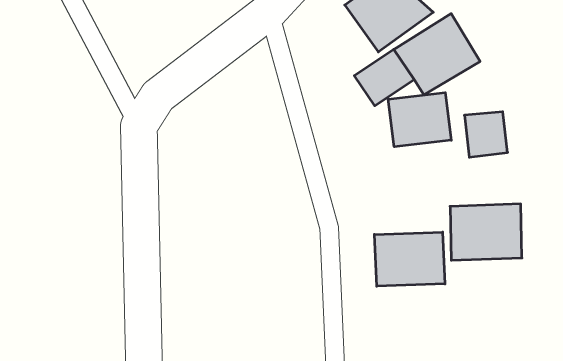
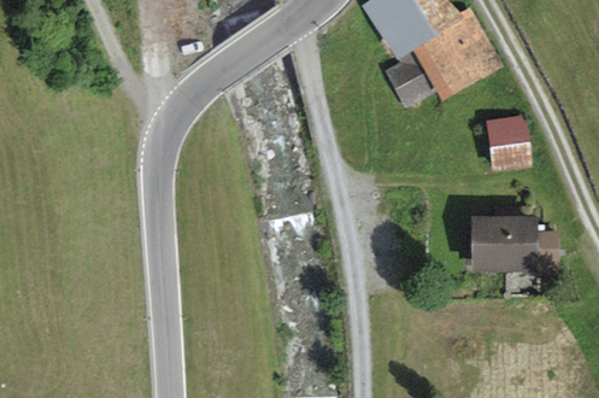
building: [388,93,451,147] -> none
building: [374,232,445,286] -> none

